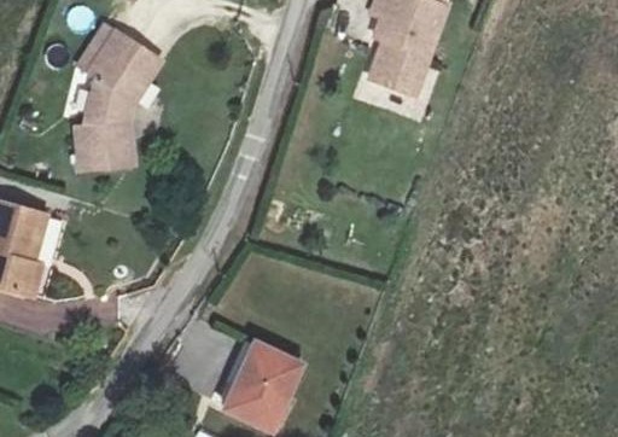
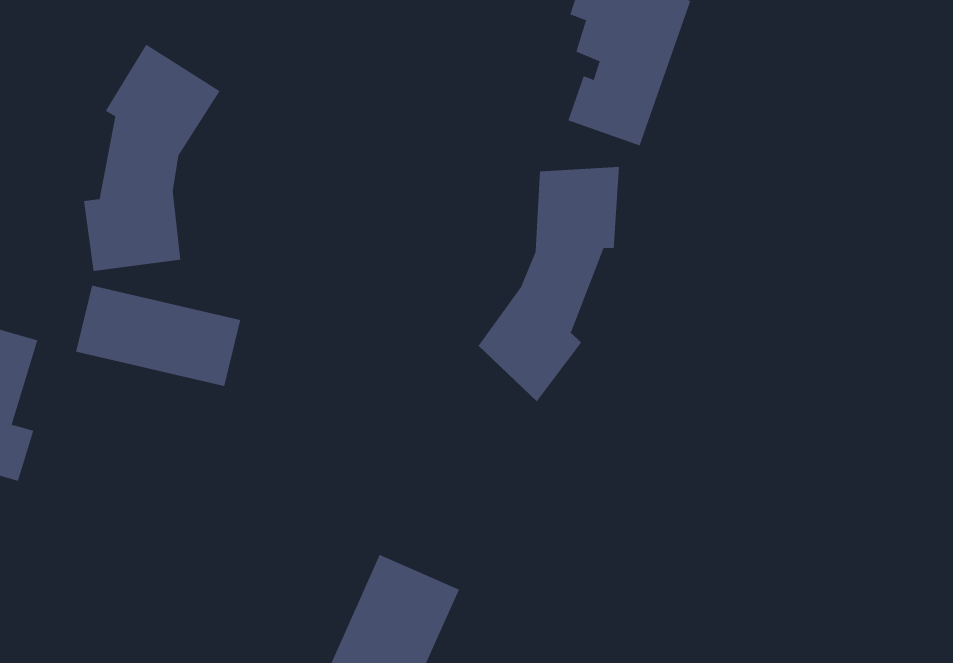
building: none -> [478,166,620,402]
building: none -> [76,285,241,387]

